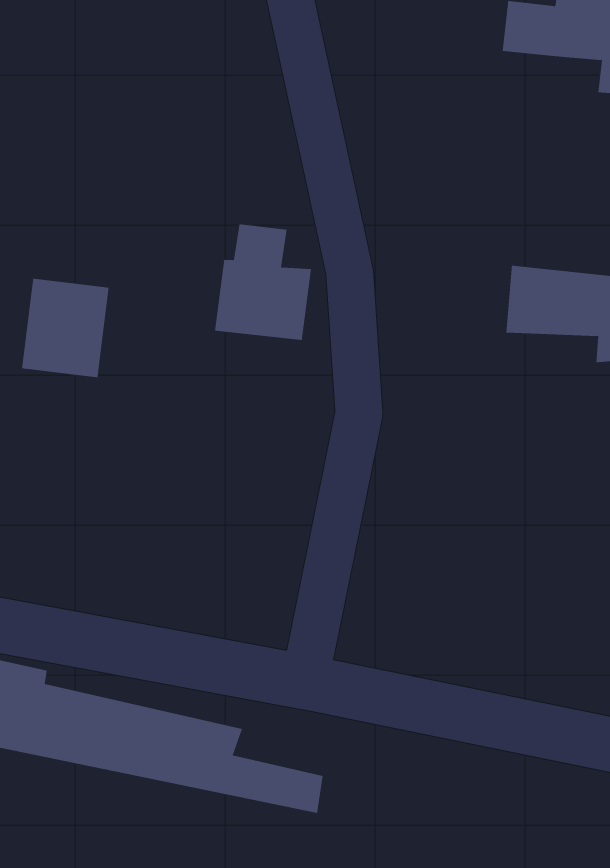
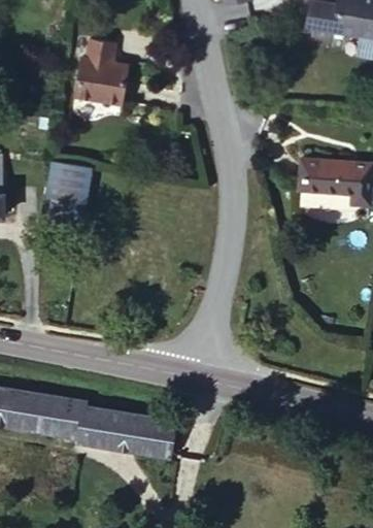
building: [214,224,312,340] -> [80,43,134,107]

